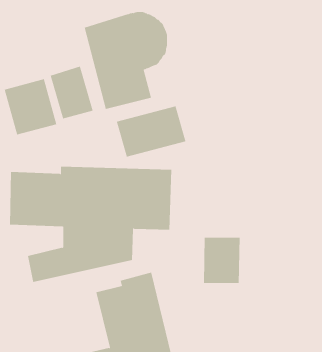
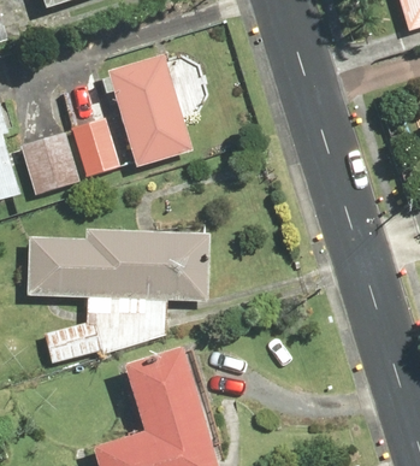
building: [116,106,186,157] -> none
building: [203,237,240,284] -> none

